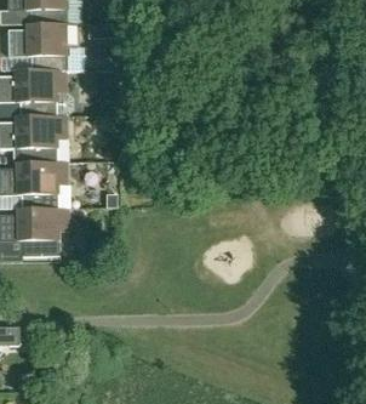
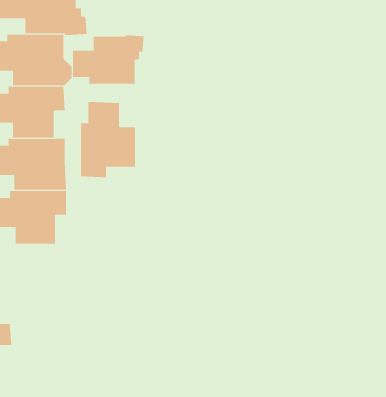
building: none -> [72,35,144,84]
building: none -> [81,101,135,178]

